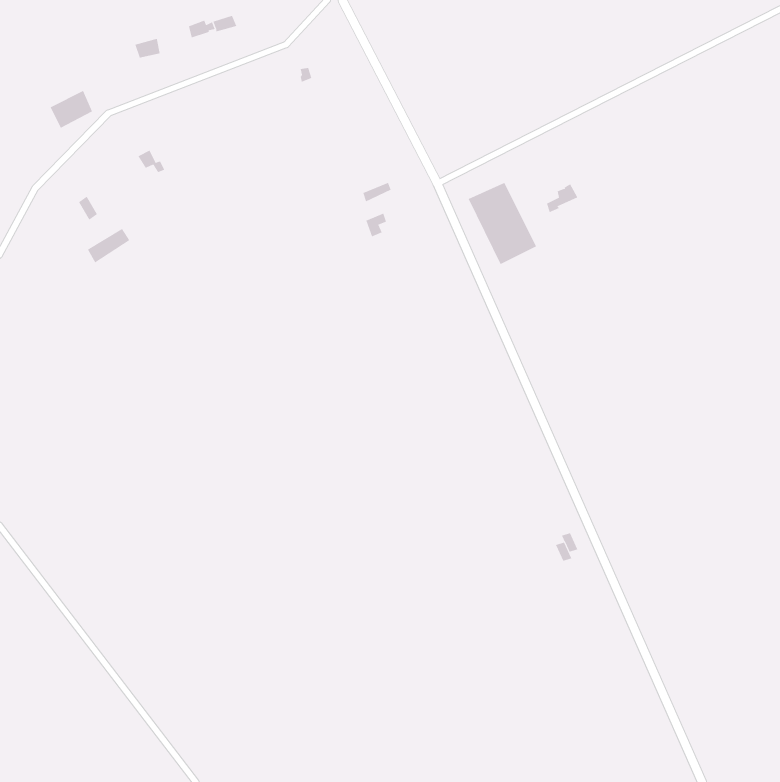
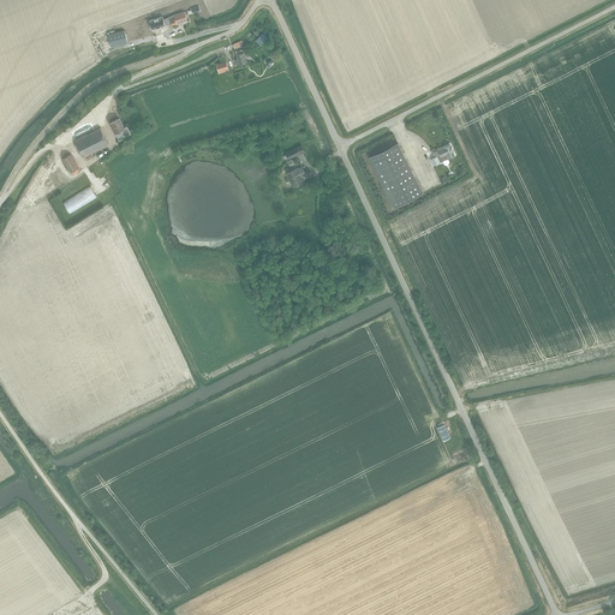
building: [50,90,93,128] -> [73,127,107,157]

